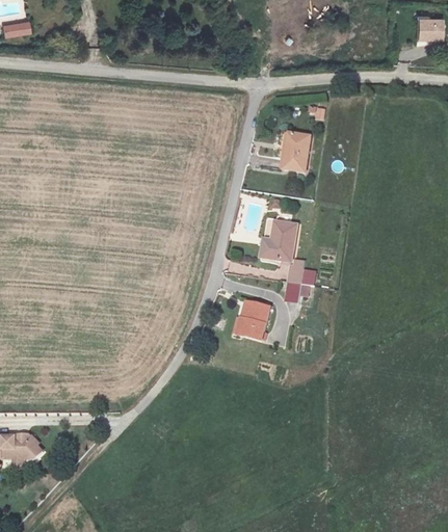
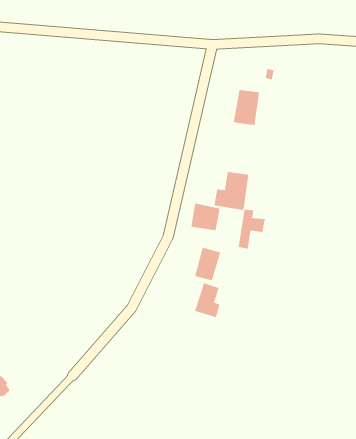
building: none -> [191,202,220,231]
building: none -> [195,282,221,318]

